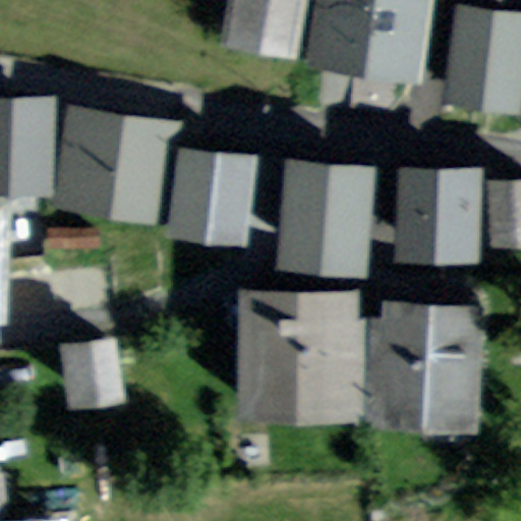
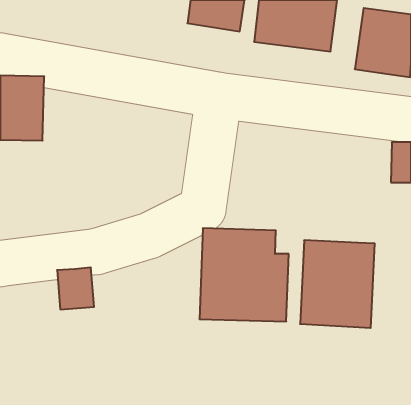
building: [64,114,176,225] -> none
building: [177,156,249,238] -> none
building: [285,169,368,262] -> none
building: [408,179,474,250] -> none

